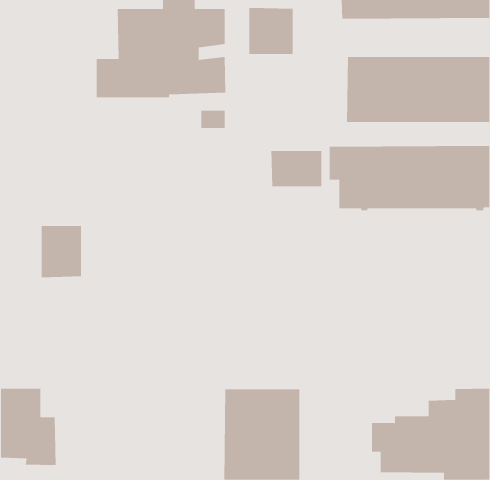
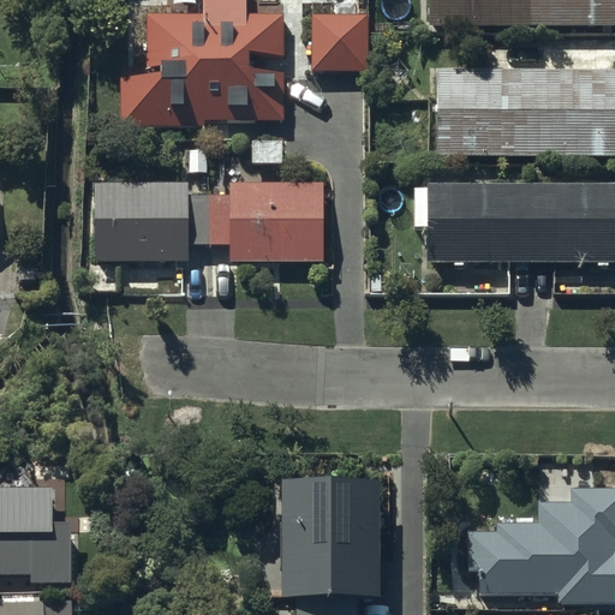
building: none -> [95,178,324,259]
building: [271,150,322,187] -> none
building: [41,225,81,278] -> none

